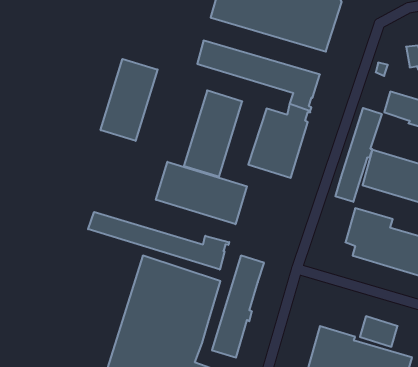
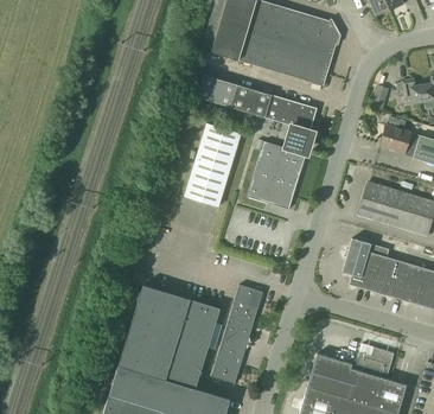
building: [101,59,158,141] -> none
building: [335,108,382,202] -> none
building: [156,162,247,224] -> none
building: [88,212,229,270] -> none

